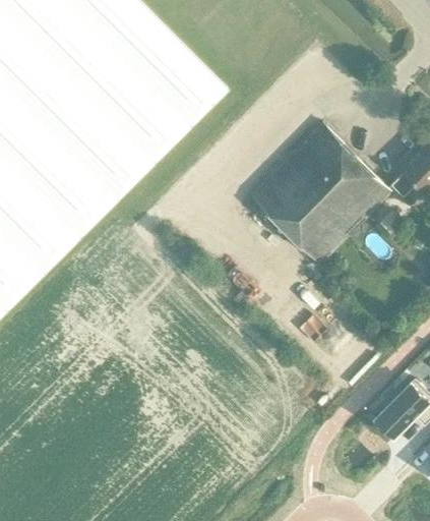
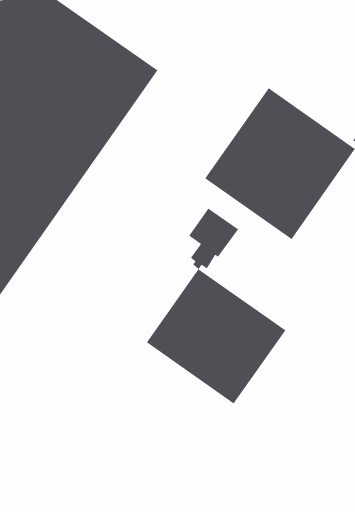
building: none -> [146,207,286,405]

